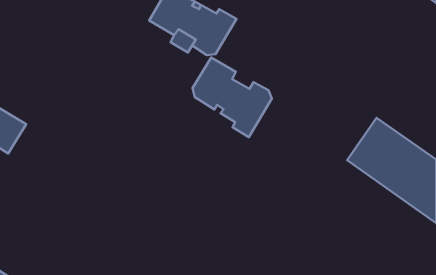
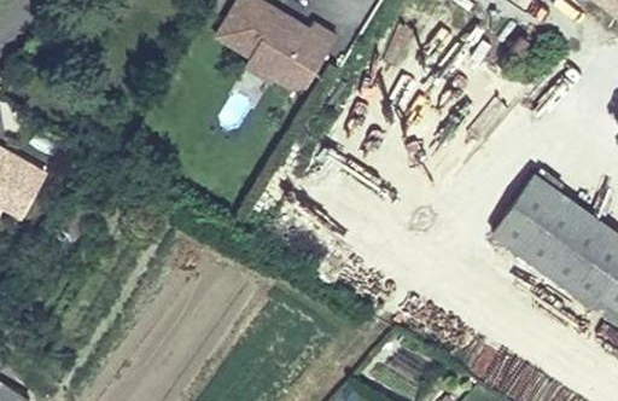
building: [193,57,272,137] -> none

